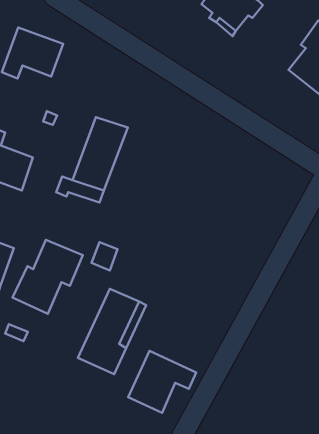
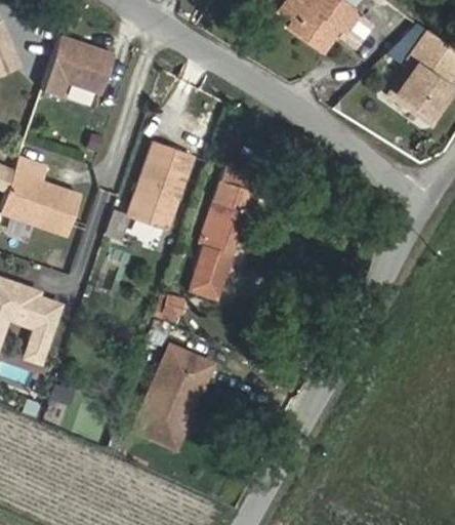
building: none -> [190,150,266,283]
building: [12,240,83,314] -> none
building: [128,351,196,413] -> none

